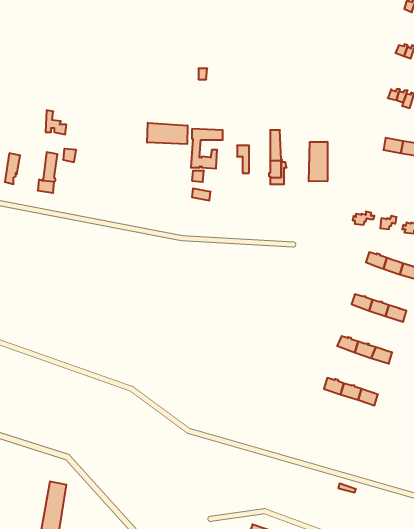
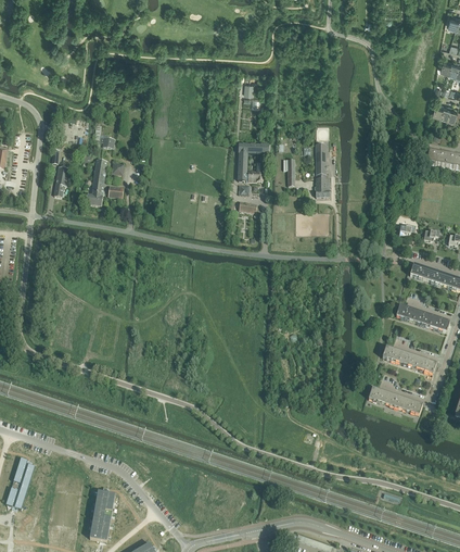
building: [147,123,187,144] -> none
building: [309,142,327,181] -> none

